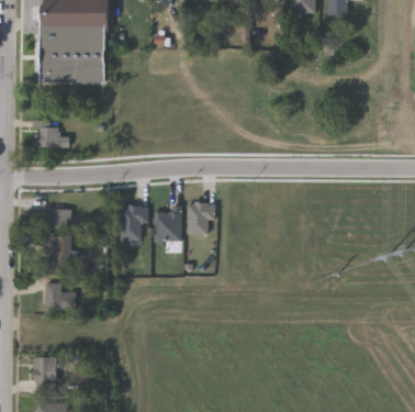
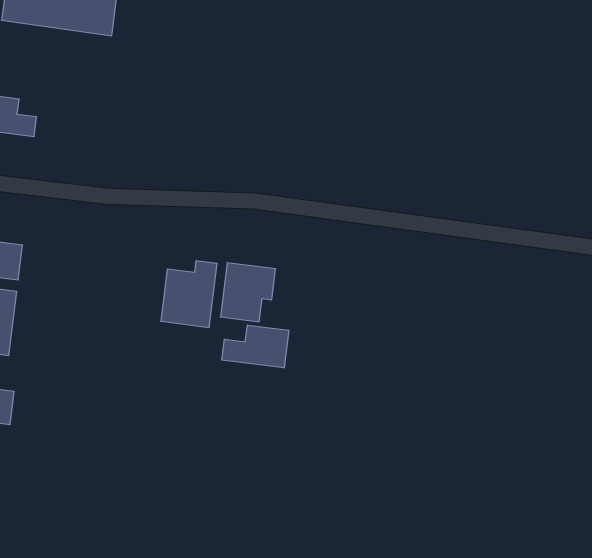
building: [120,207,146,241] -> none
building: none -> [222,325,289,368]

